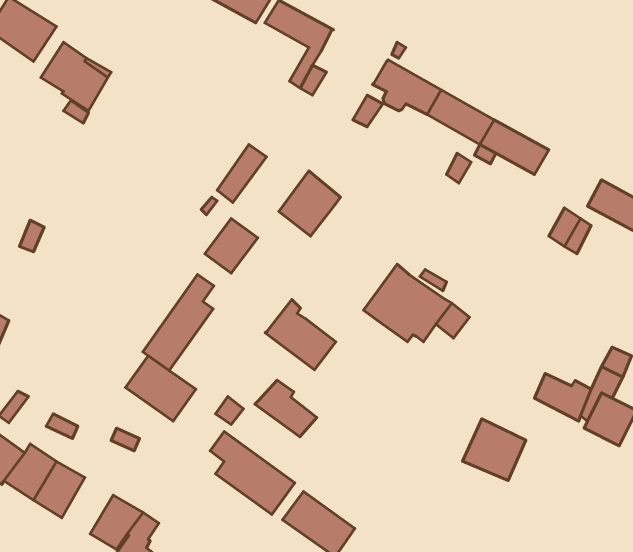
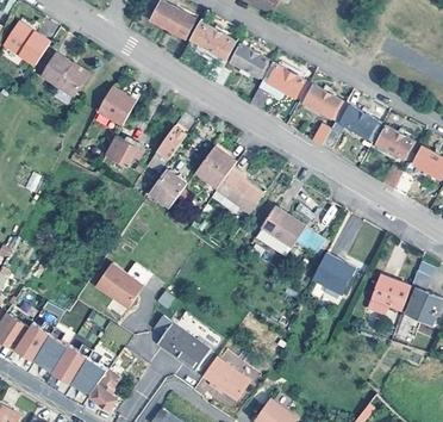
building: none -> [229,43,273,79]
building: none -> [96,89,136,126]
building: none -> [373,124,418,162]
building: none -> [105,136,137,167]
building: [143,274,214,371] -> none
building: [265,299,336,370] -> [220,161,268,209]
building: [255,380,317,437] -> none
building: [462,419,526,481] -> [312,246,355,287]
building: none -> [54,346,88,384]

